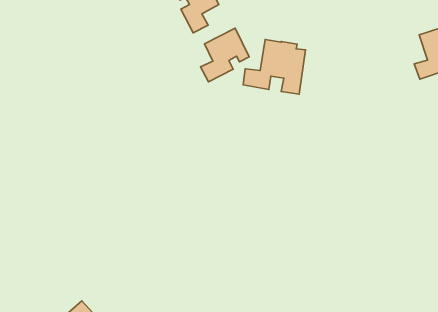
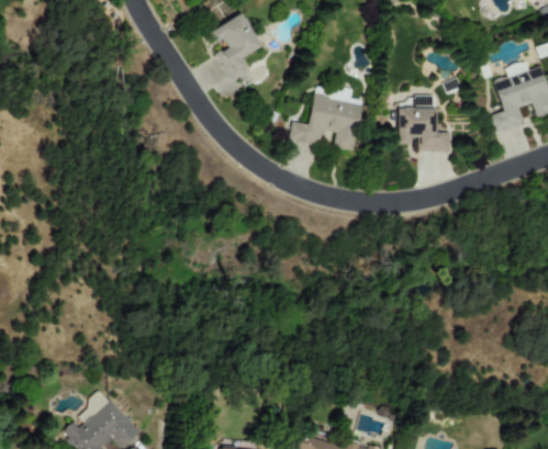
building: [201,28,249,82] -> none
building: none -> [398,97,452,153]

